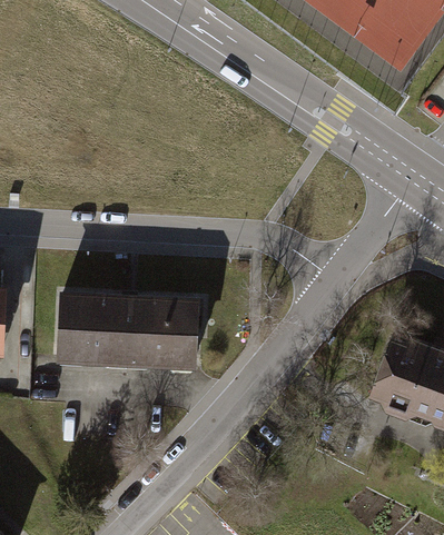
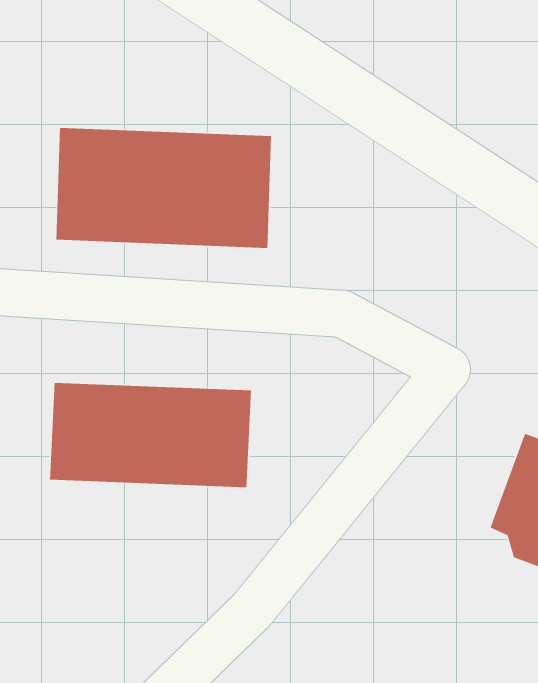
building: none -> [55,127,272,249]

